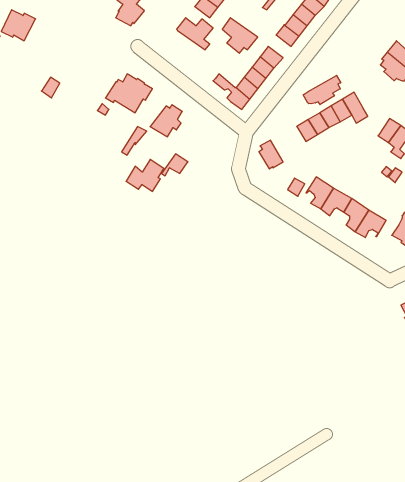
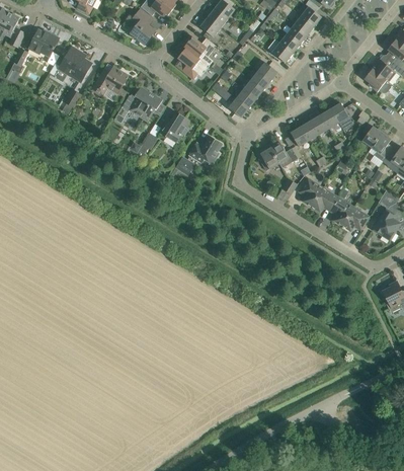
building: [222,18,258,53] -> [177,48,209,79]
building: none -> [53,47,91,82]
building: none -> [90,66,126,96]
building: [303,75,341,105] -> none
building: none -> [266,142,297,168]
building: [126,159,164,191] -> [188,136,222,164]

